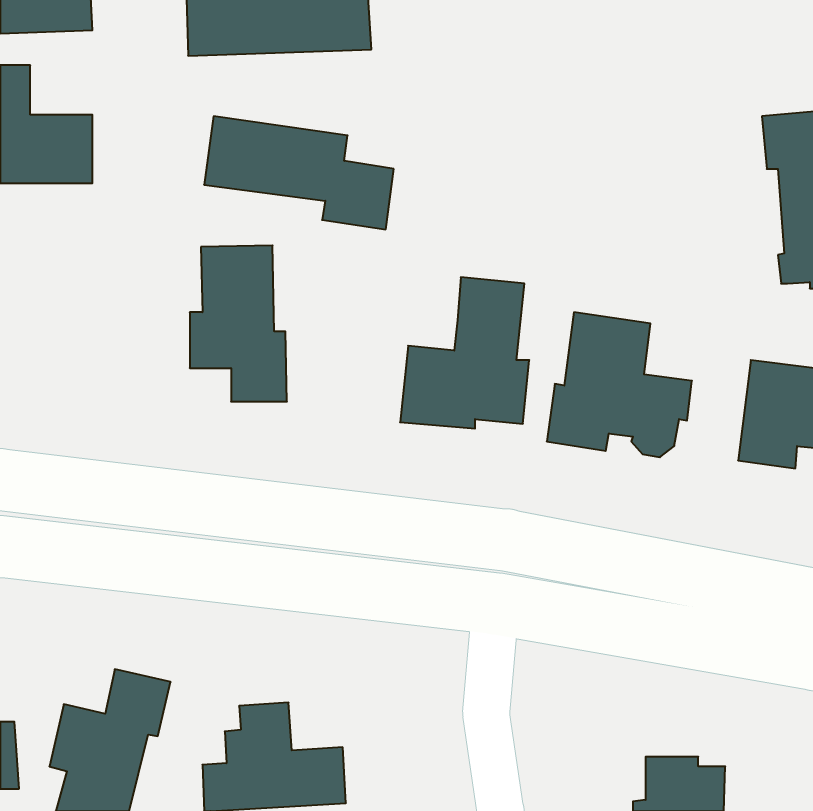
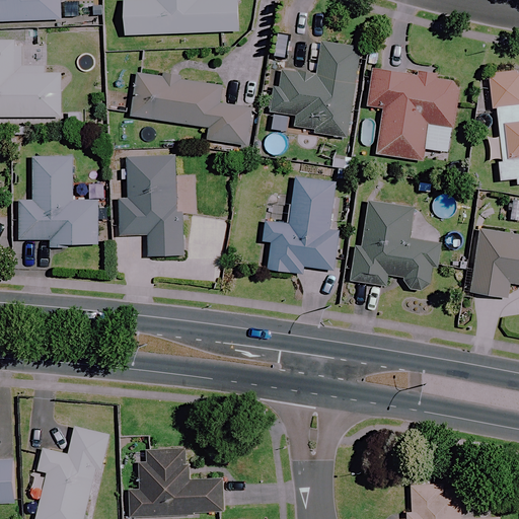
building: none -> [272,43,360,137]
building: none -> [367,68,458,160]
building: none -> [17,157,95,247]

